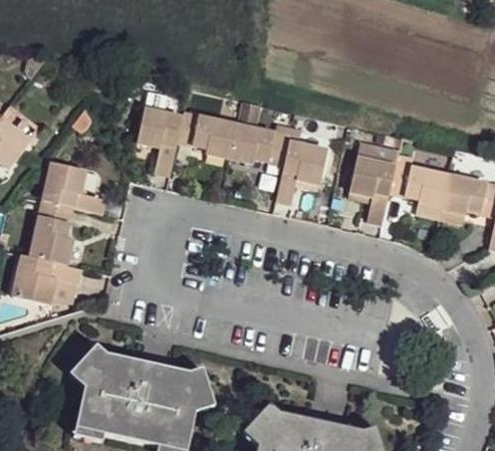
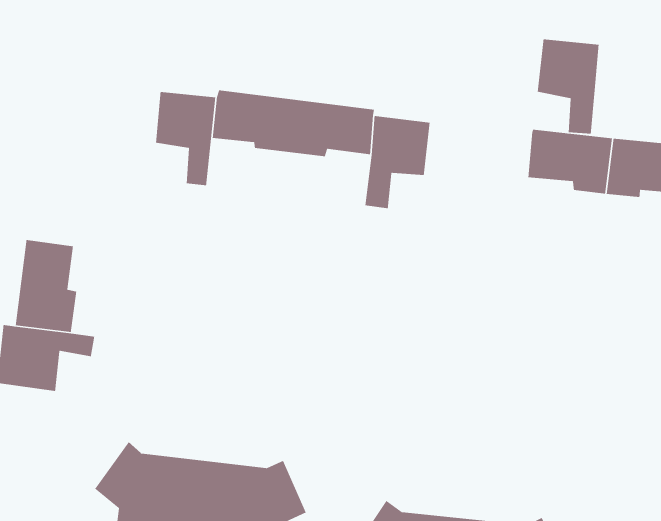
building: [349,154,396,223] -> [537,39,599,135]
building: [42,161,105,213] -> none

